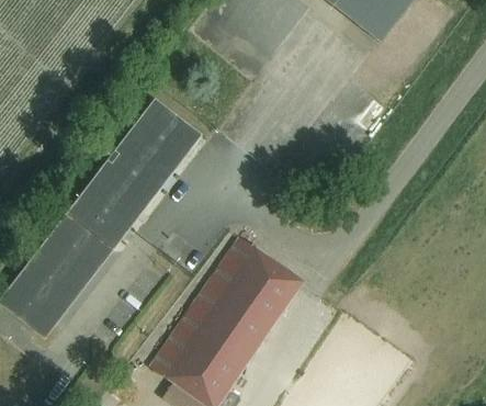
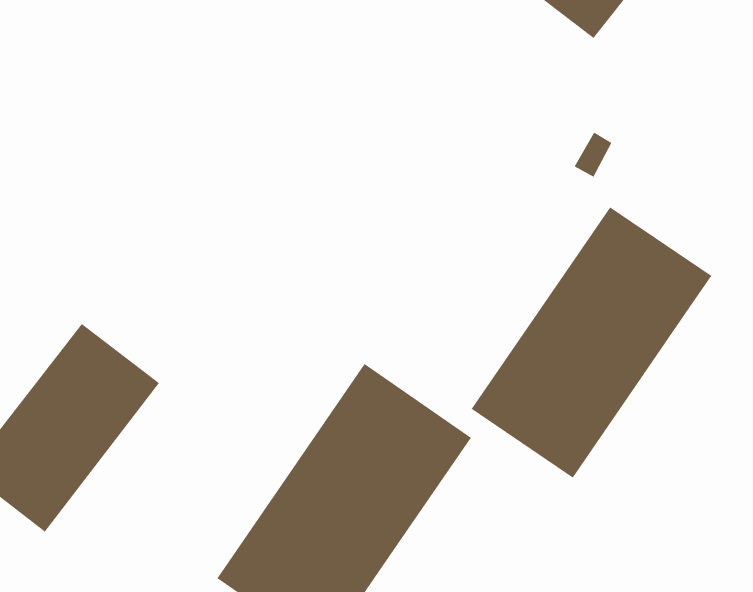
building: [67,97,203,248] -> none
building: none -> [471,206,712,478]

